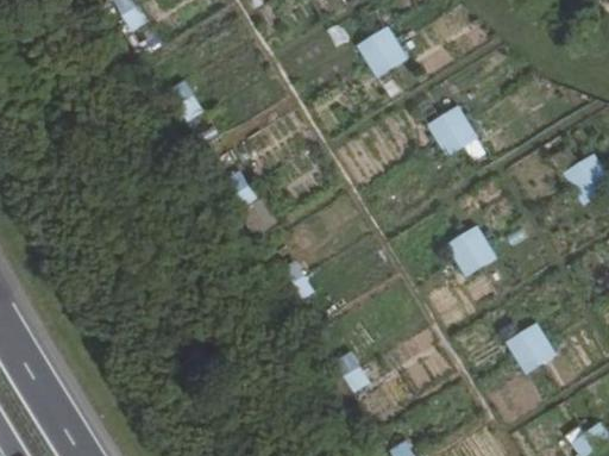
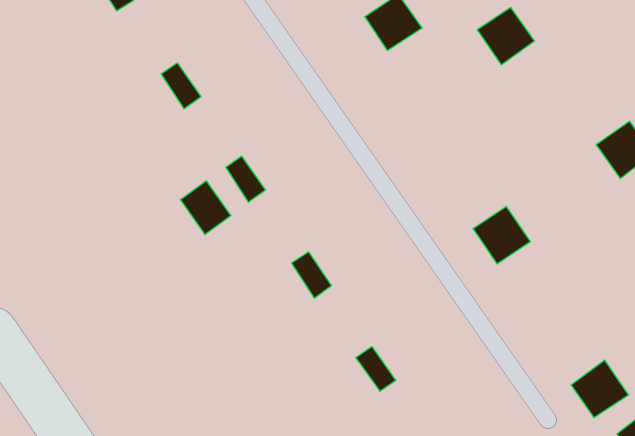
building: [427,105,479,157] -> [477,7,535,65]
building: none -> [180,181,231,234]
building: [506,323,558,375] -> [571,360,629,417]

